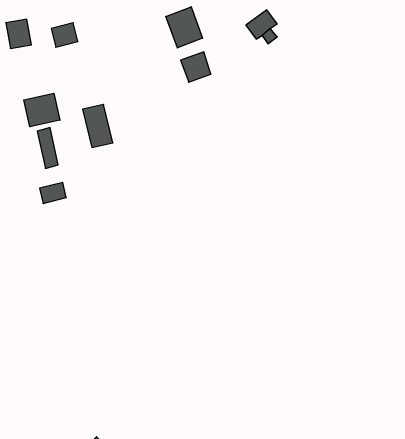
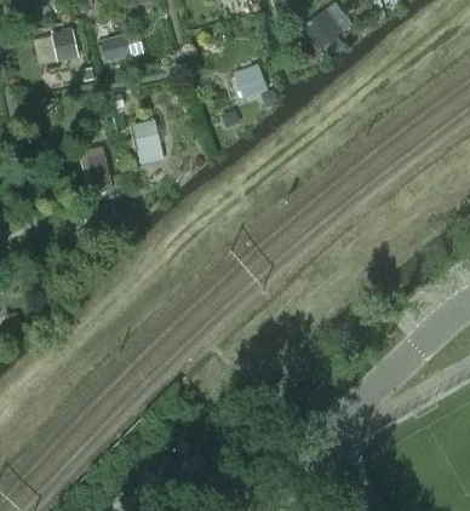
building: [166,7,203,48] -> none
building: [24,93,60,127] -> none

